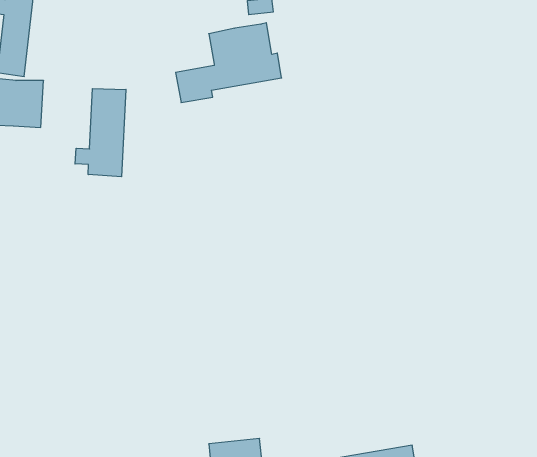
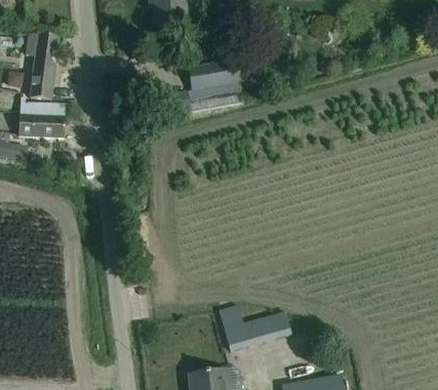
building: [75,89,126,177] -> none
building: none -> [220,305,291,351]

